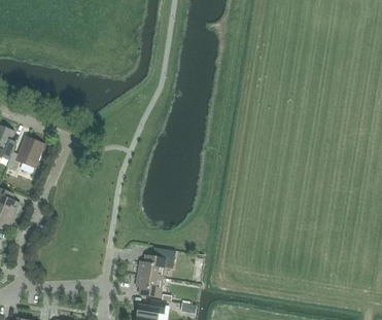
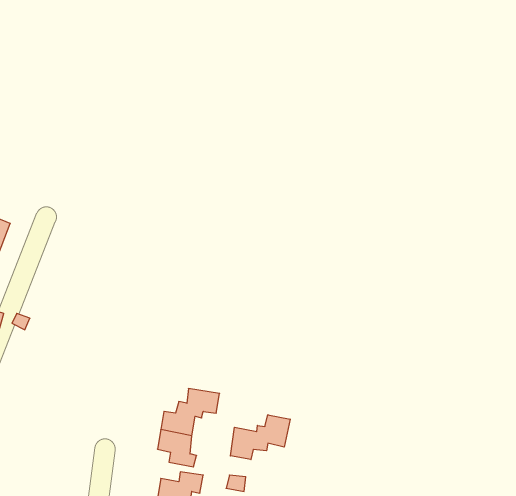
building: none -> [230,415,290,460]

